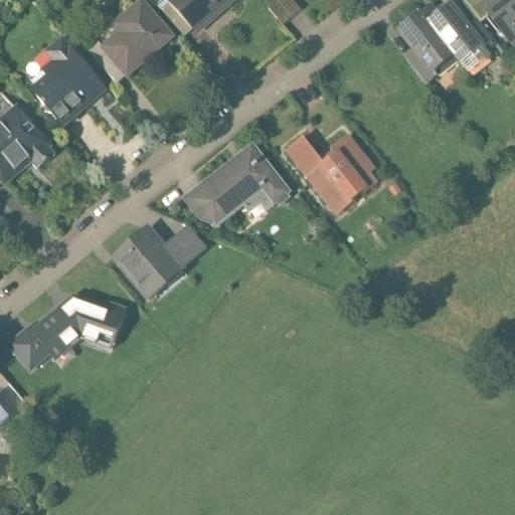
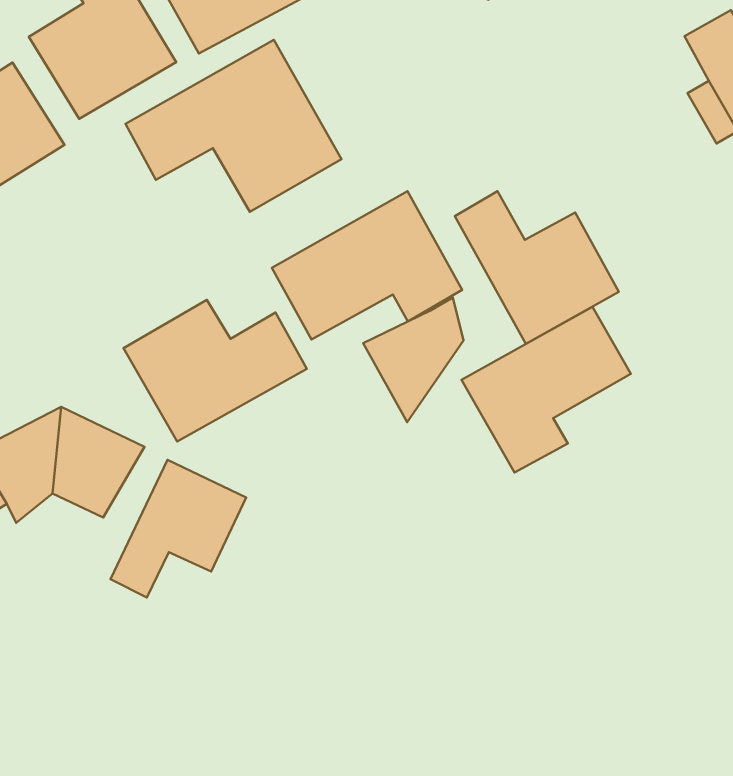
building: none -> [125,40,341,212]
building: none -> [462,307,631,472]
building: none -> [363,298,463,422]
building: none -> [111,460,246,597]

